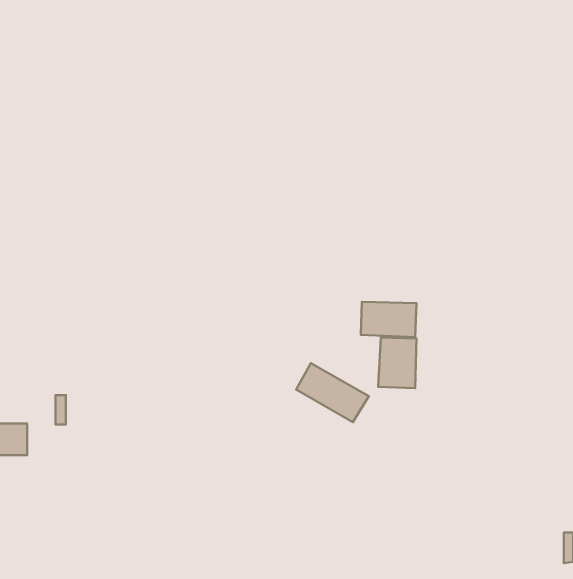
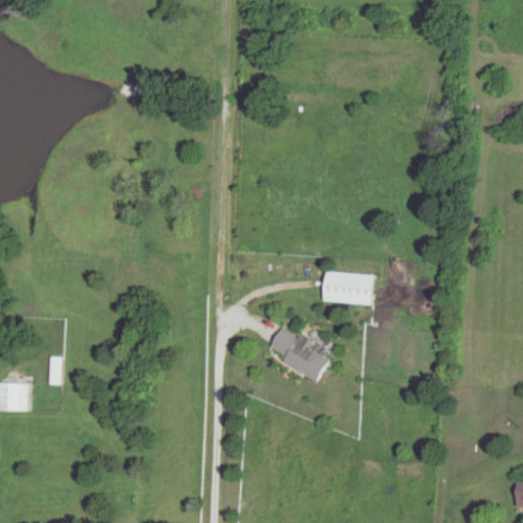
building: [378,337,416,388] -> none

